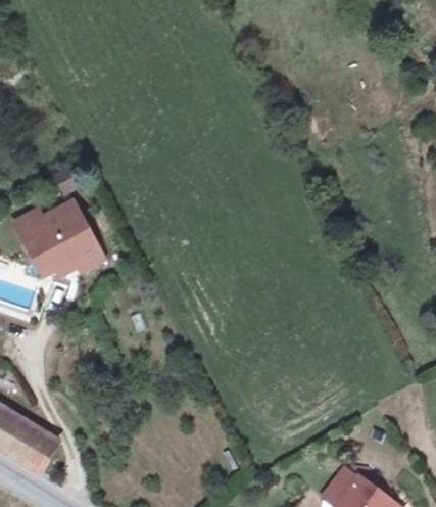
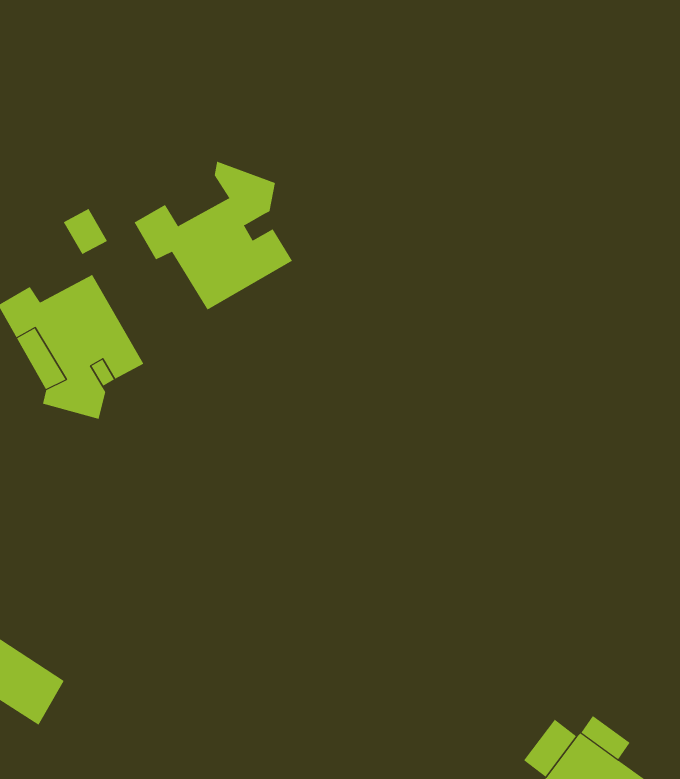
building: none -> [134,161,293,310]

